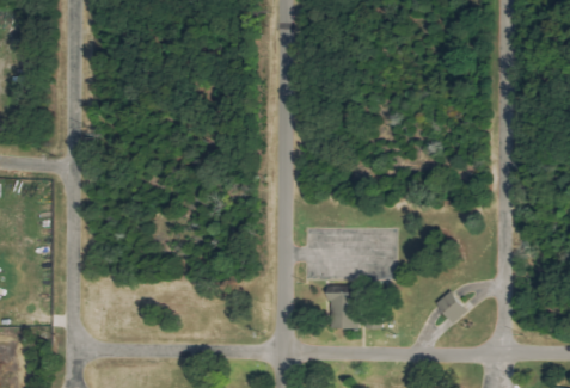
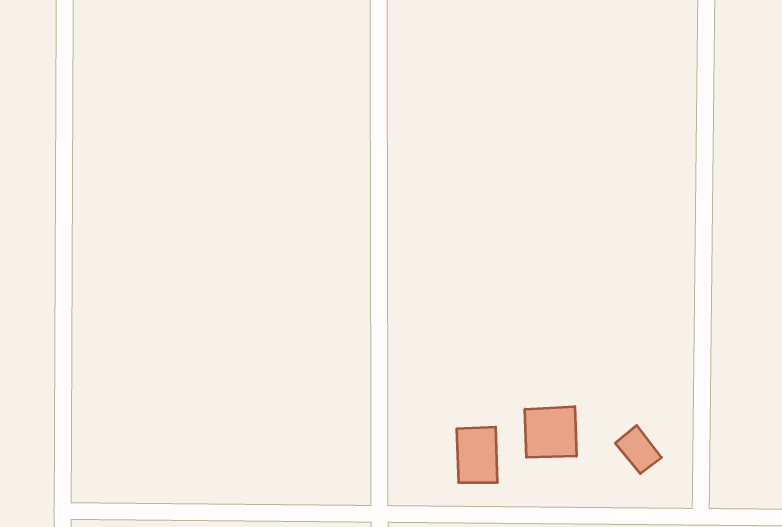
building: none -> [525,406,576,457]

